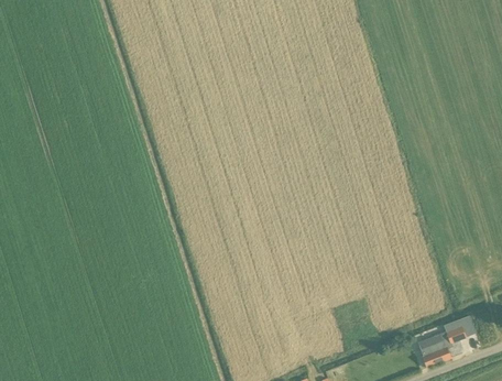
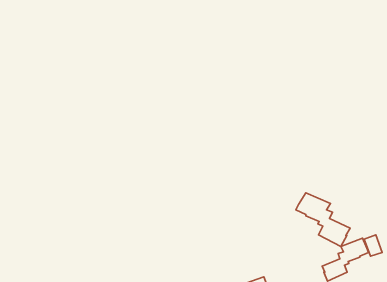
building: none -> [296,193,350,246]

